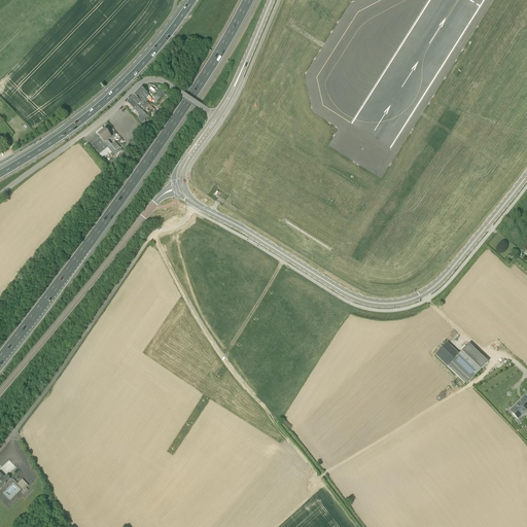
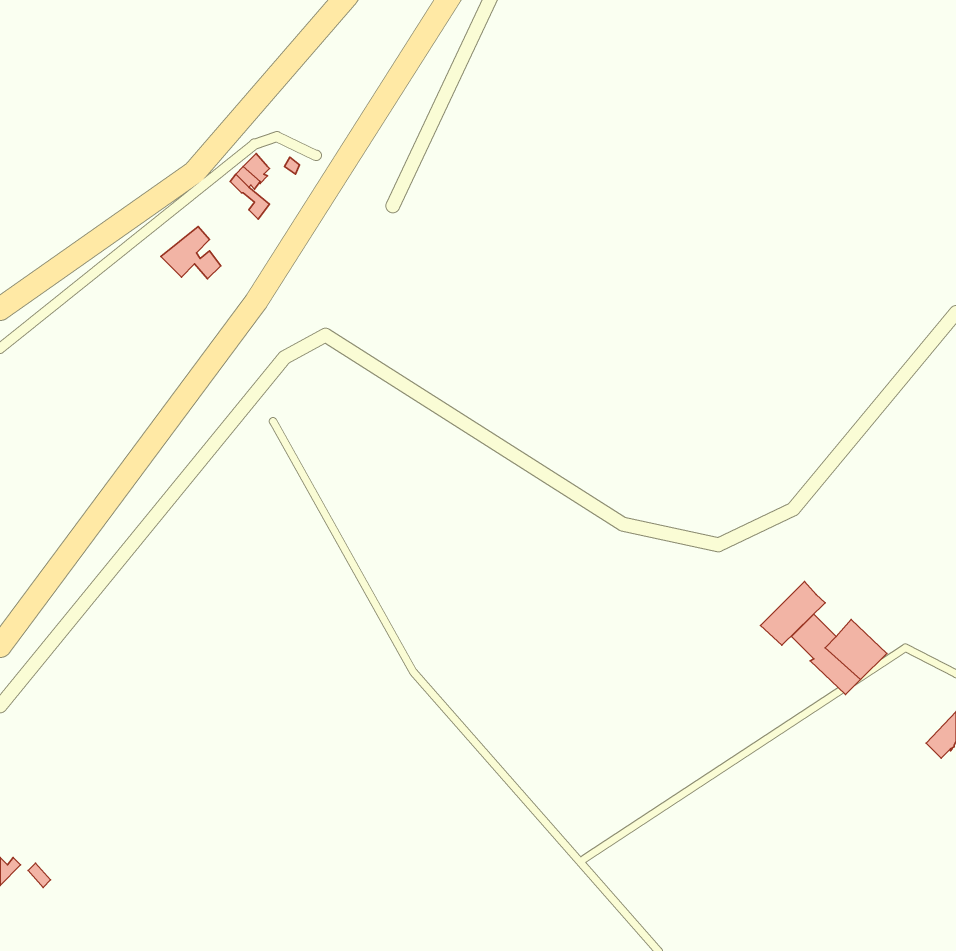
building: none -> [760,582,825,645]

